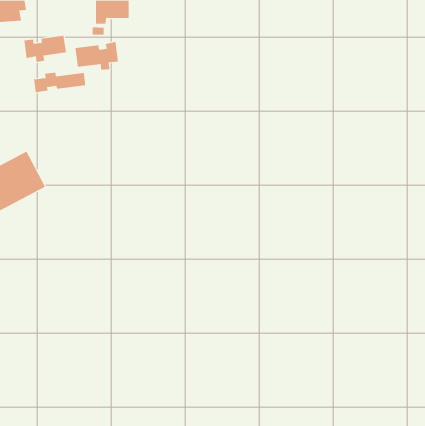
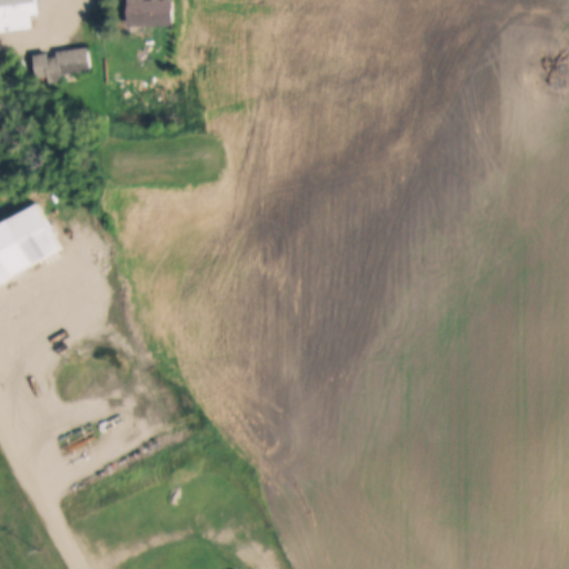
building: [75,41,119,71] -> none
building: [34,72,86,93] -> none

